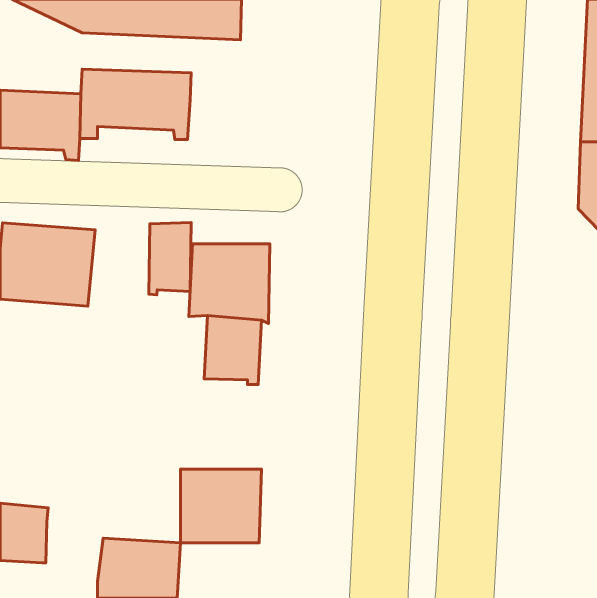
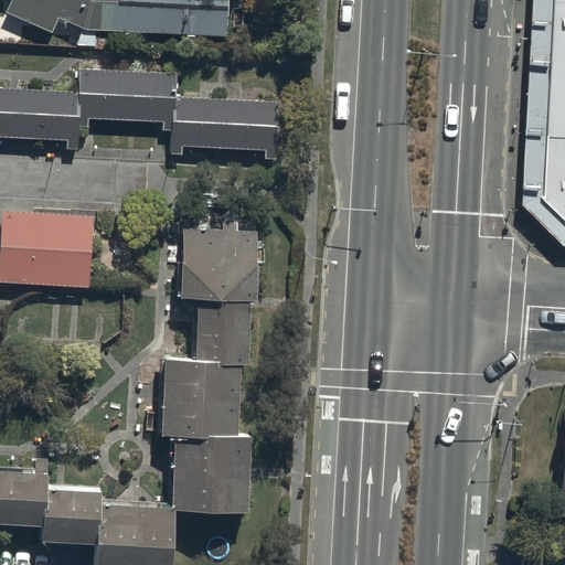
building: none -> [177,94,281,161]
building: [149,222,191,295] -> none
building: none -> [160,355,235,441]
building: none -> [41,491,100,547]

